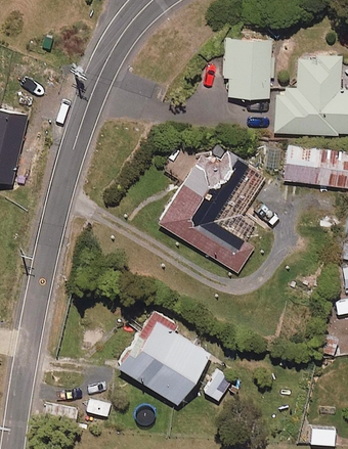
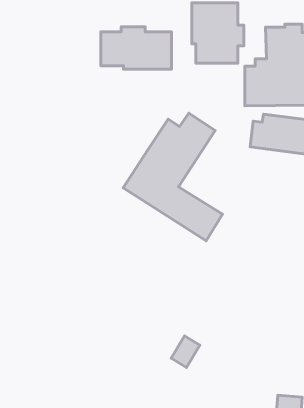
building: none -> [101,27,172,69]
building: [114,306,208,402] -> none

